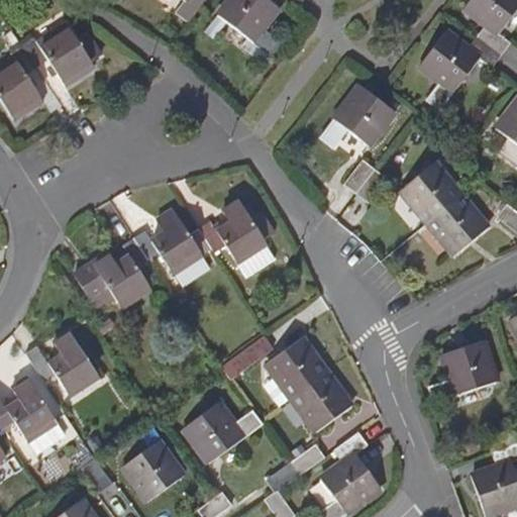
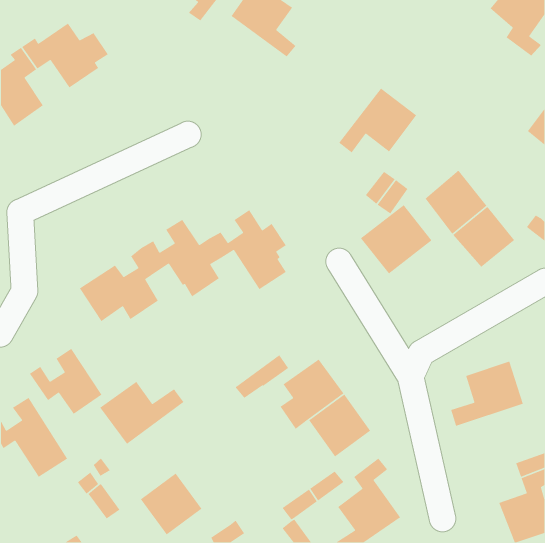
building: [420,31,503,109] -> none
building: none -> [360,204,433,274]
building: [189,411,270,472] -> [99,381,184,445]

